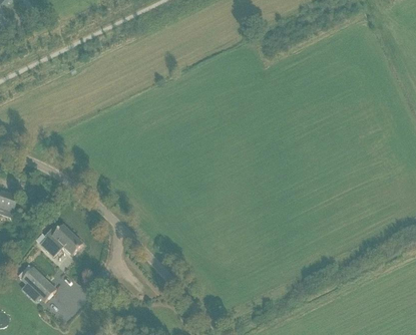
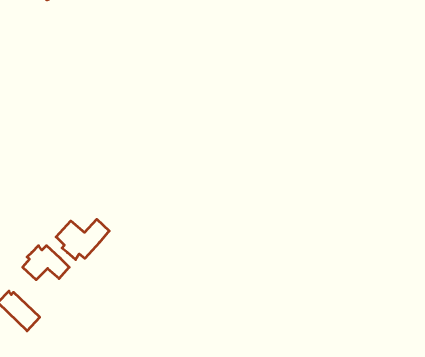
building: none -> [56,219,109,260]

